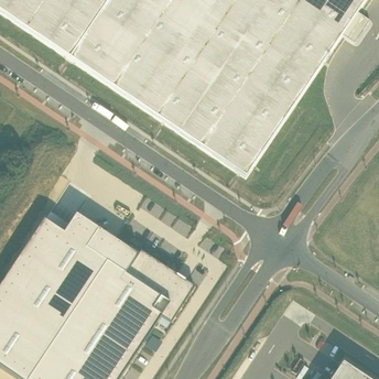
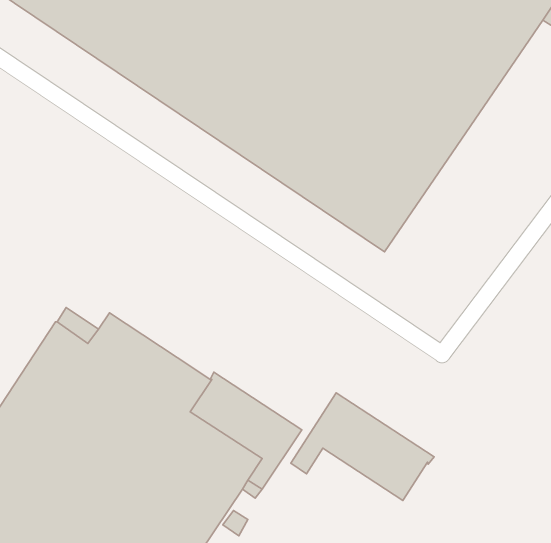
building: none -> [291,393,434,501]

